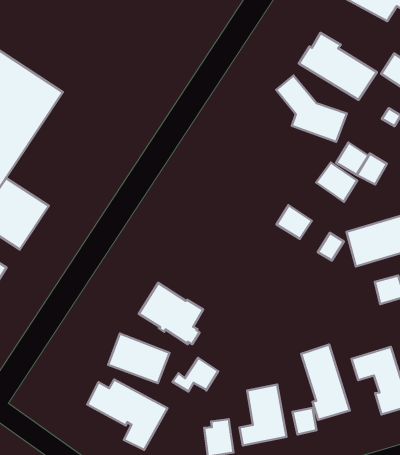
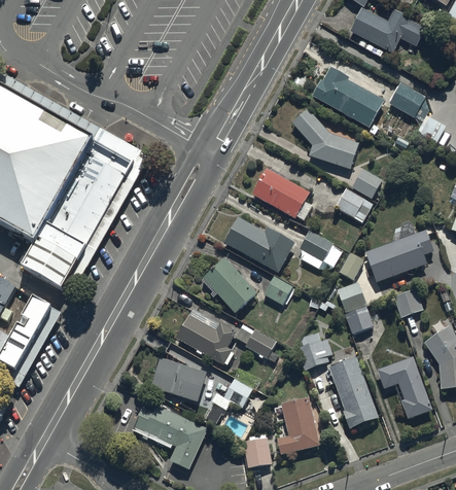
building: none -> [45,136,134,243]
building: none -> [252,170,310,219]
building: [357,154,387,184] -> none
building: none -> [224,217,295,273]
building: none -> [201,255,255,310]
building: none -> [264,275,293,305]
building: none -> [337,283,373,334]
building: none -> [236,324,279,361]
building: none -> [295,331,332,371]
building: [292,408,317,434] -> none

